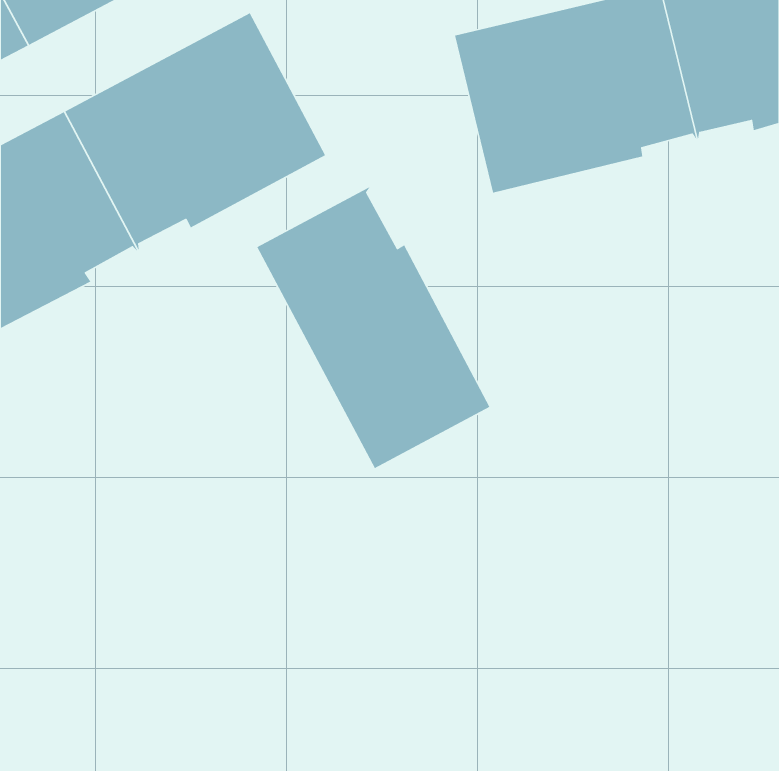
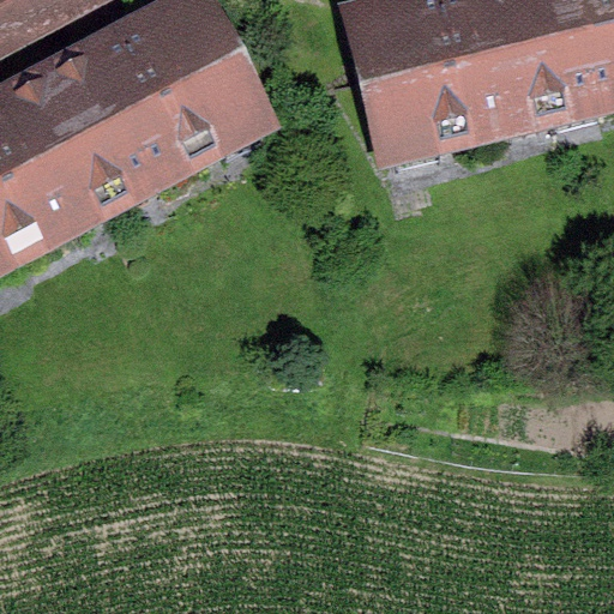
building: [256,185,491,469] -> none

